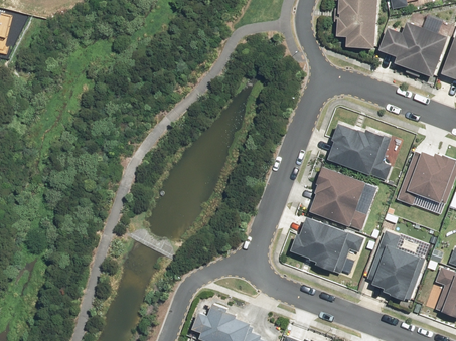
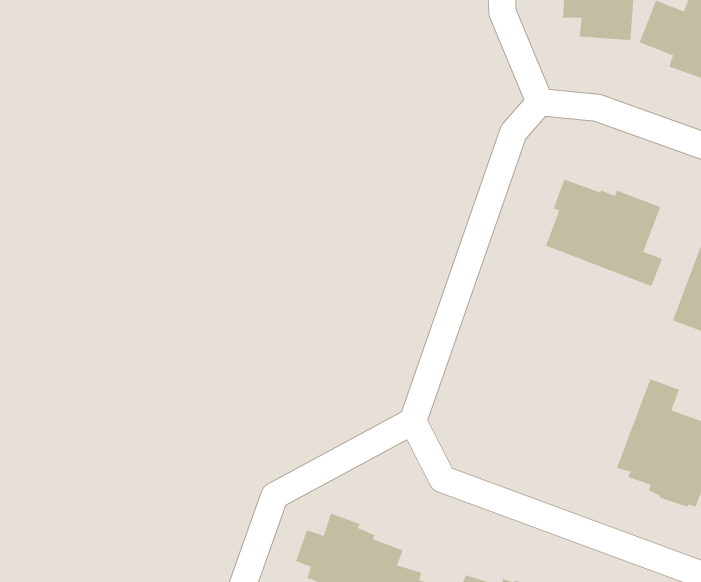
building: [310,167,367,230] -> none
building: [291,217,364,271] -> none

